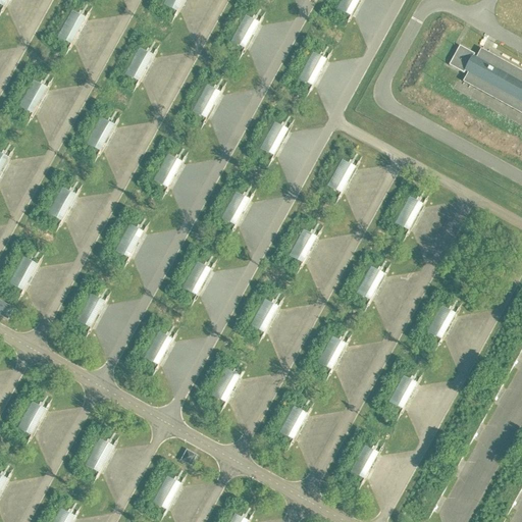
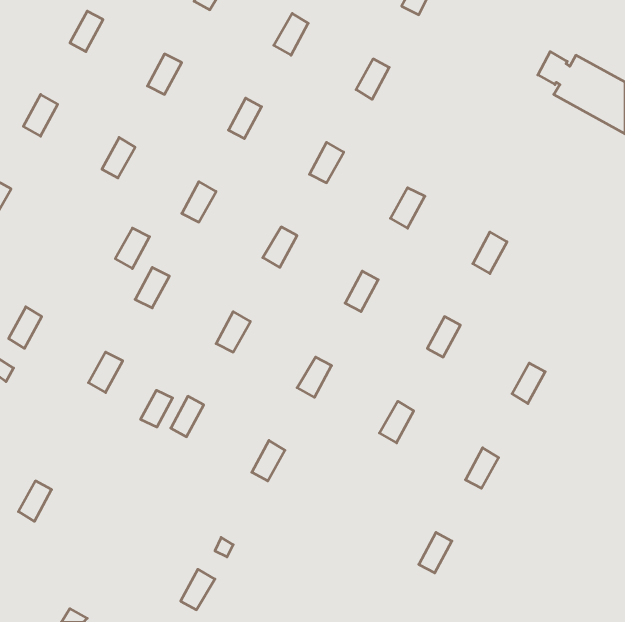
building: [45,186,73,219] -> [115,228,150,269]
building: none -> [141,390,173,427]
building: [277,404,305,437] -> none
building: [83,436,111,470] -> none

